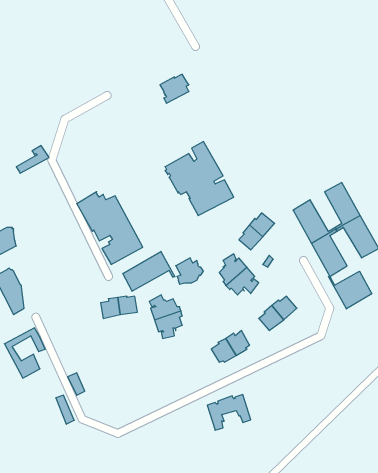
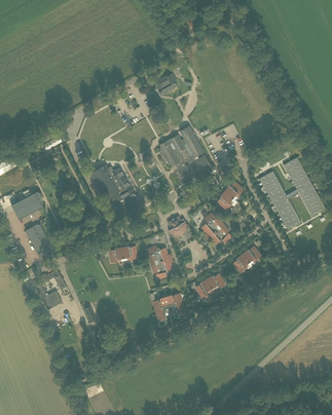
building: [123,251,175,291] -> none
building: [328,271,372,309] -> none
building: [207,395,251,430] -> [152,293,186,320]

